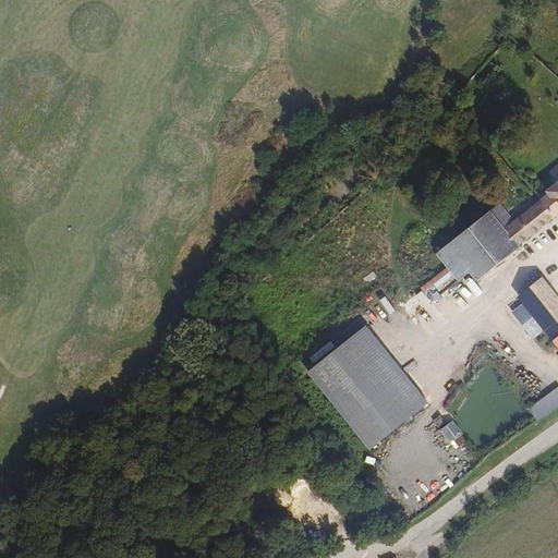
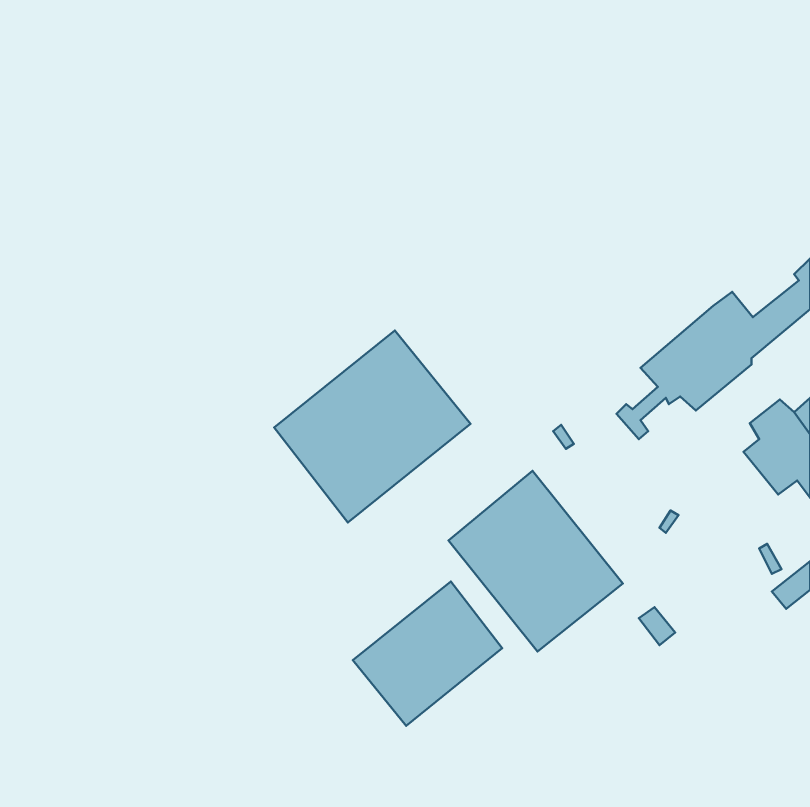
building: none -> [274,330,470,522]
building: none -> [353,581,502,726]

